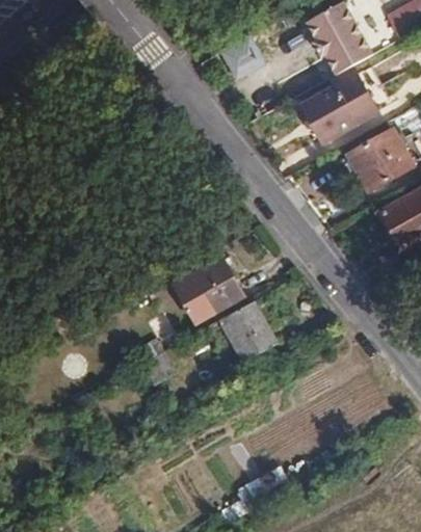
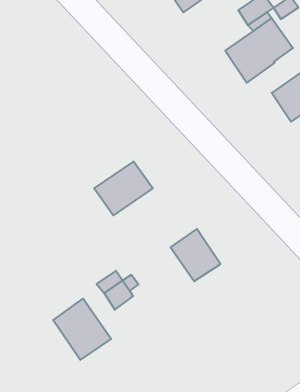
building: [176,259,241,317] -> [94,161,153,215]
building: none -> [53,299,111,360]

